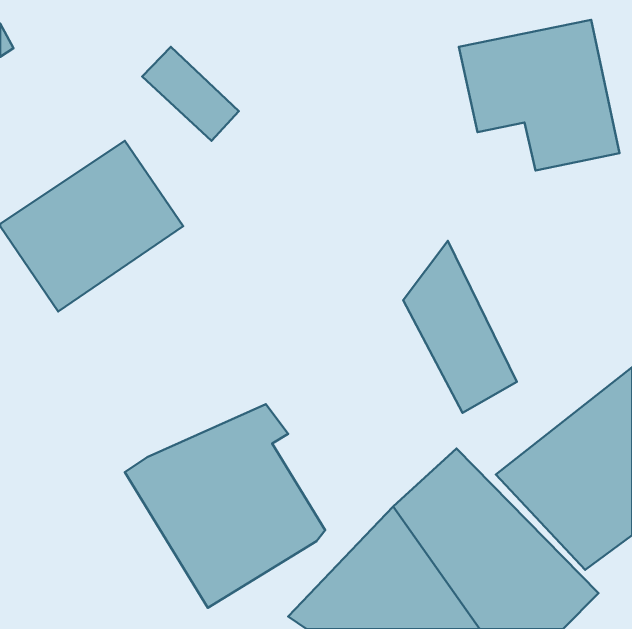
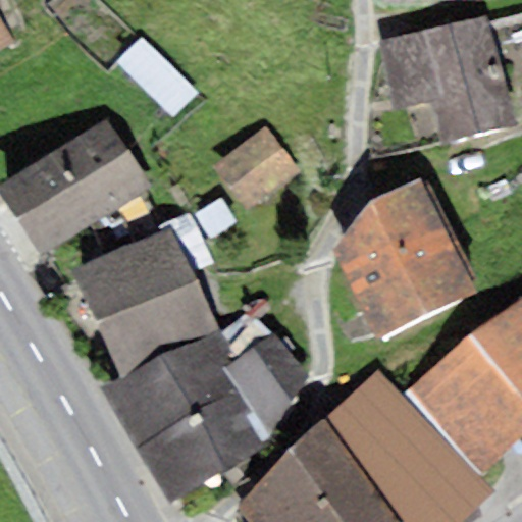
building: none -> [212,123,299,207]
building: none -> [369,177,478,315]
building: none -> [74,228,219,377]
building: none -> [224,336,308,437]

